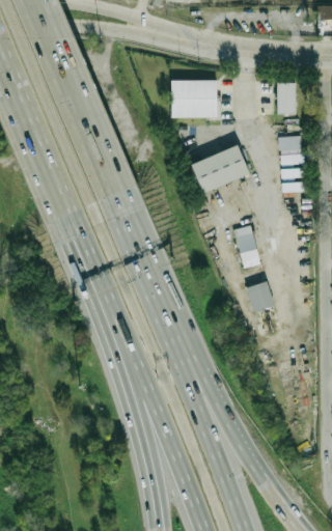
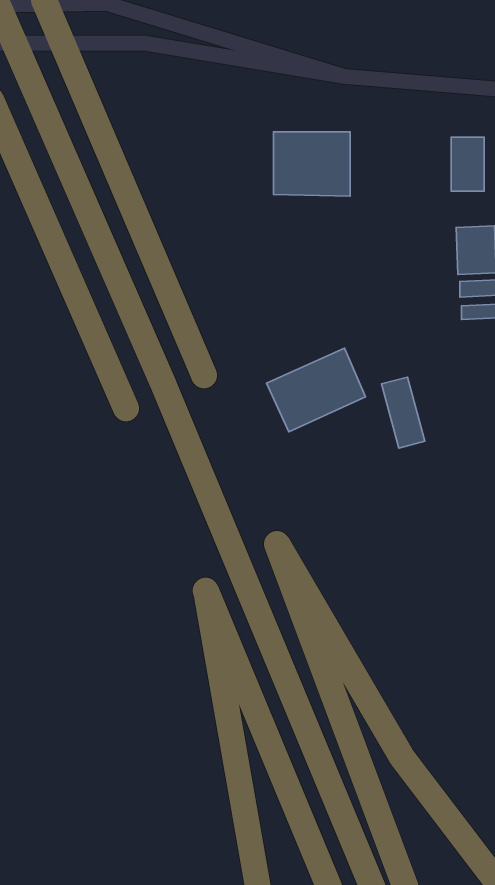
building: [189,144,248,194] -> [266,348,365,432]
building: [247,282,274,312] -> none

